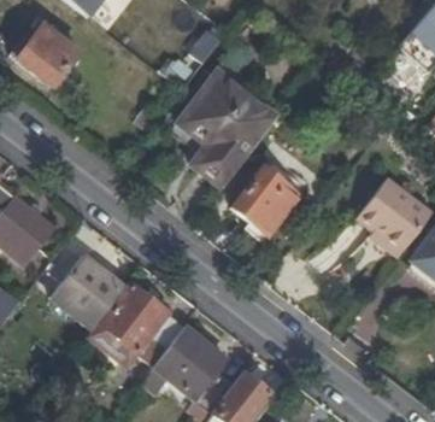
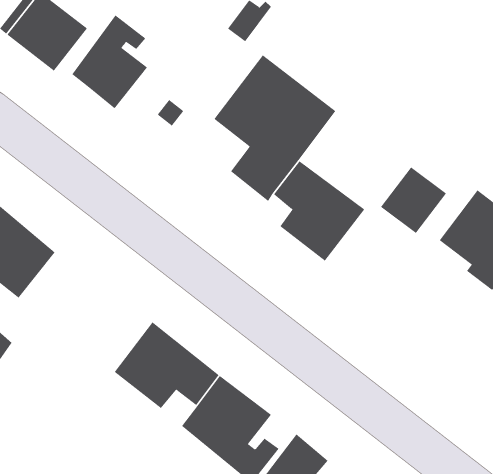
building: none -> [72,14,148,109]
building: none -> [380,166,447,234]
building: [53,254,124,327] -> none

